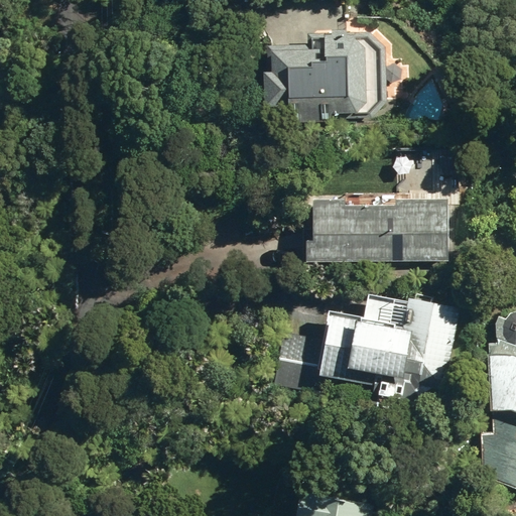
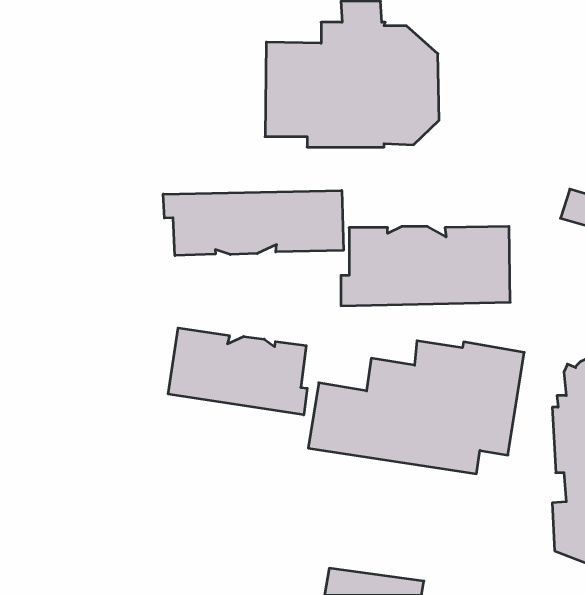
building: none -> [163,190,343,256]
building: none -> [168,328,307,415]

